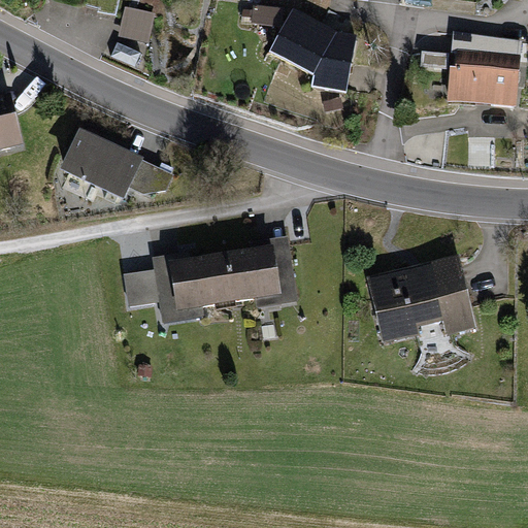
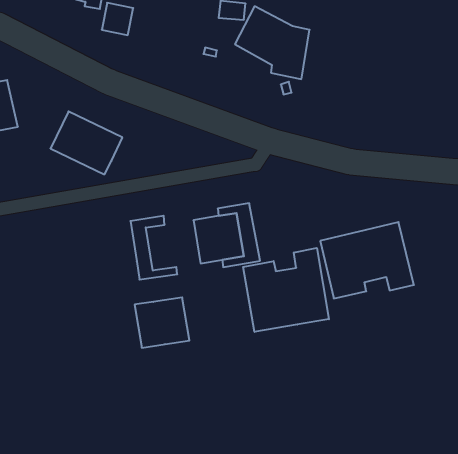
building: [447,48,520,106] -> none
building: [128,158,172,191] -> none
building: [167,253,230,310] -> [135,297,189,348]
building: [122,266,157,304] -> none
building: none -> [243,248,329,332]

